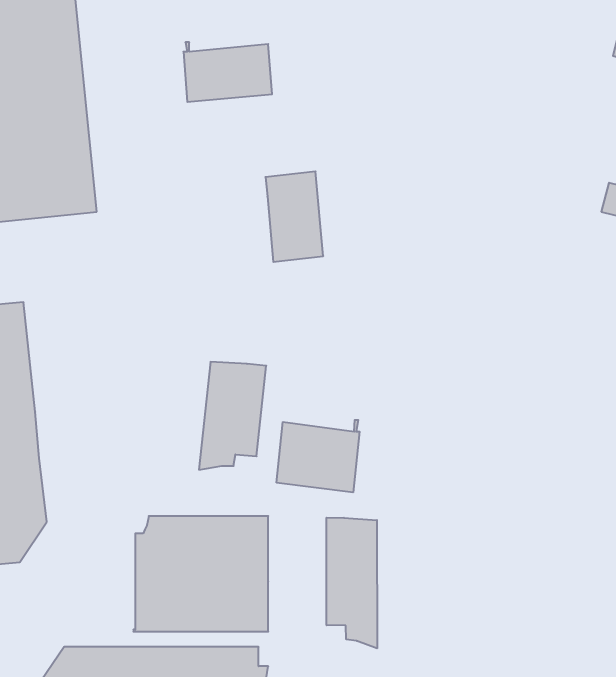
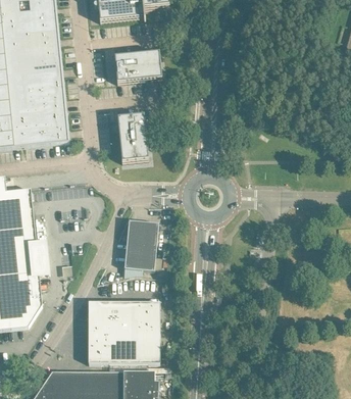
building: [265,171,323,262] -> [117,114,148,162]
building: [277,420,360,492] -> none
building: [327,518,377,648] -> none

